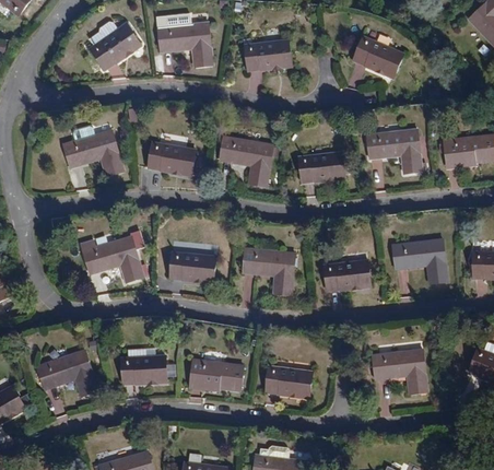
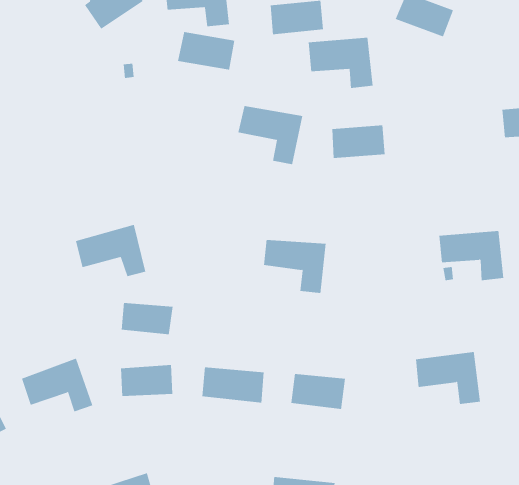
building: [64,126,125,175] -> none
building: [367,128,423,172] -> [308,37,373,89]
building: [149,141,198,174] -> [177,31,235,70]
building: [172,254,216,281] -> [121,303,174,335]
building: [322,261,370,292] -> none

